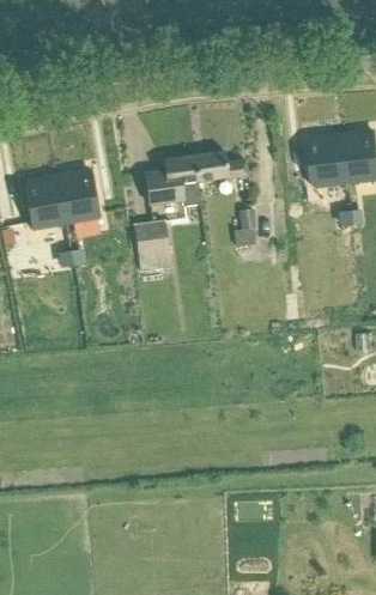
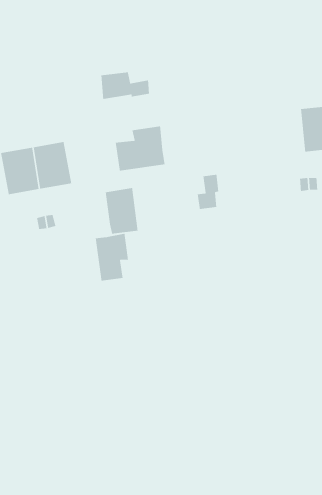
building: [308,138,347,188] -> none
building: [194,152,247,182] -> [100,72,150,100]
building: none -> [95,233,129,281]

